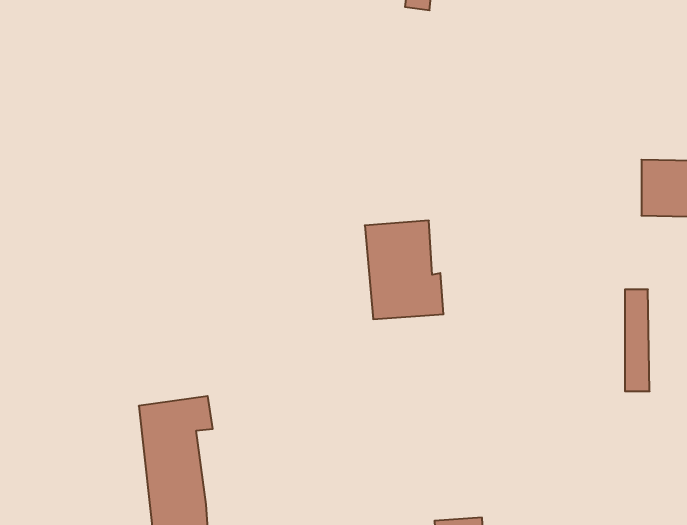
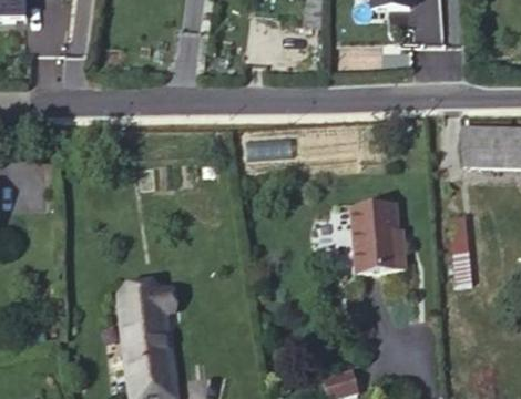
building: [365,221,444,319] -> [351,205,405,272]

